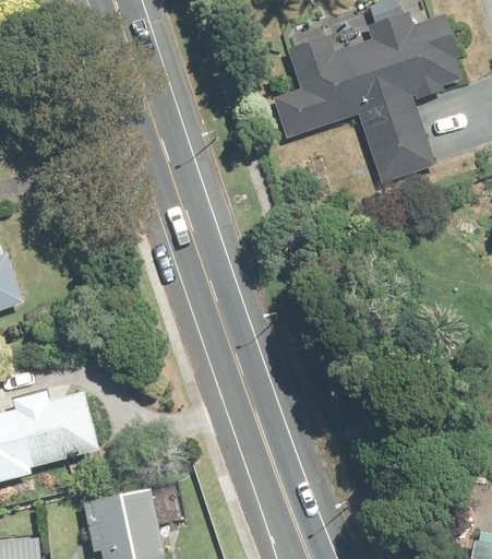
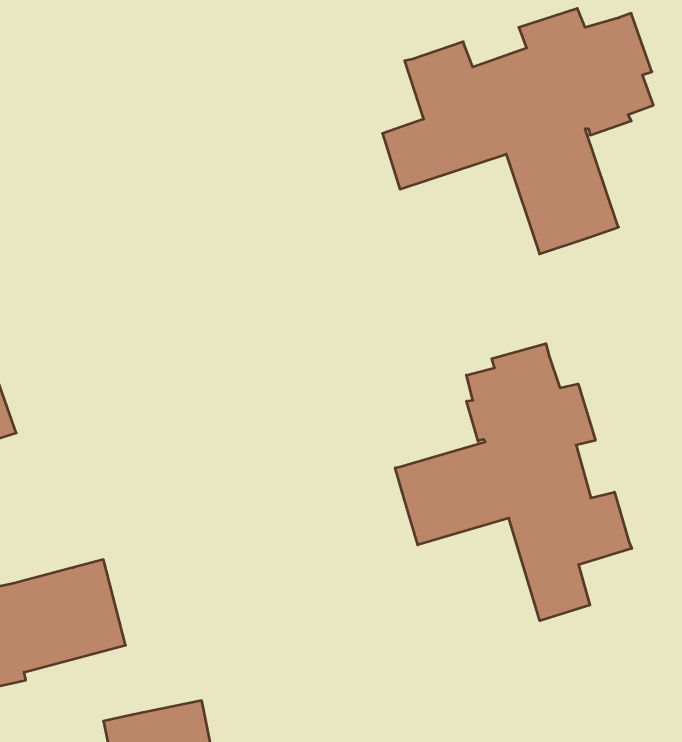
building: none -> [395,344,632,621]

